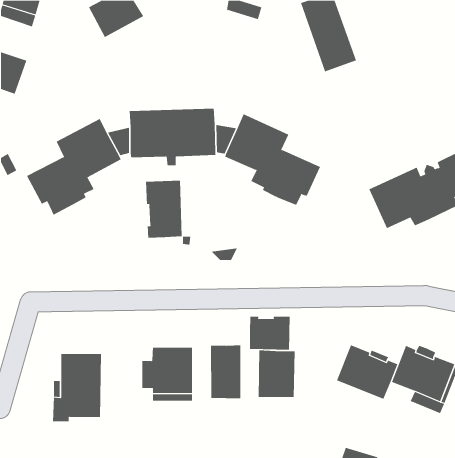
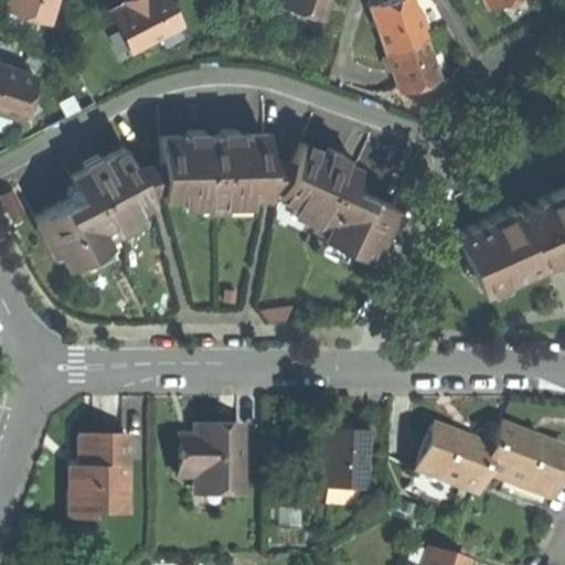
building: [145,180,182,238] -> none
building: [249,316,290,351] -> none
building: [211,345,241,399] -> none

